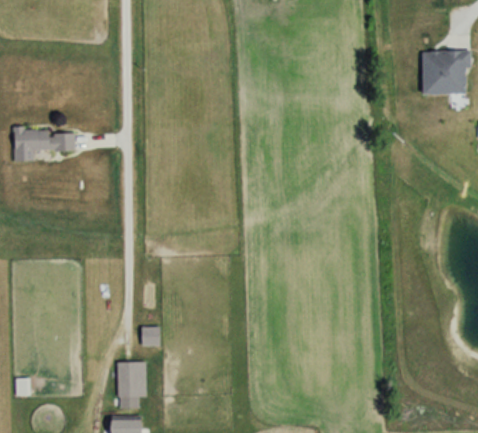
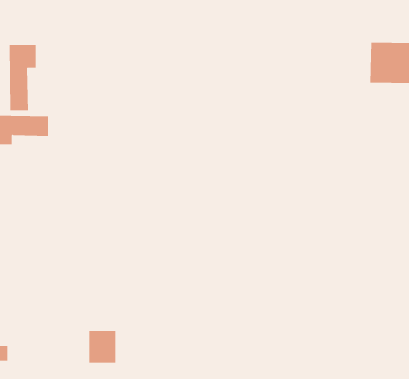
building: none -> [9,44,36,111]
building: [140,327,161,346] -> none

